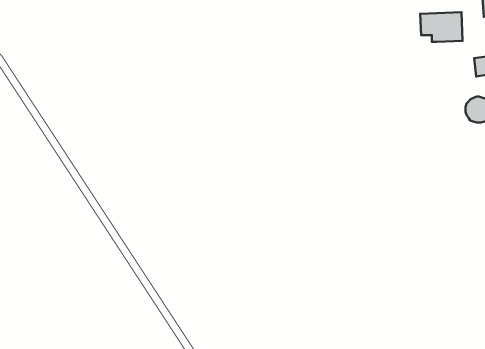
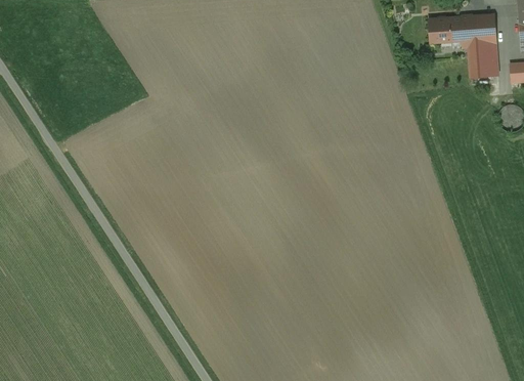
building: none -> [430,16,452,40]
building: none -> [469,45,497,70]

